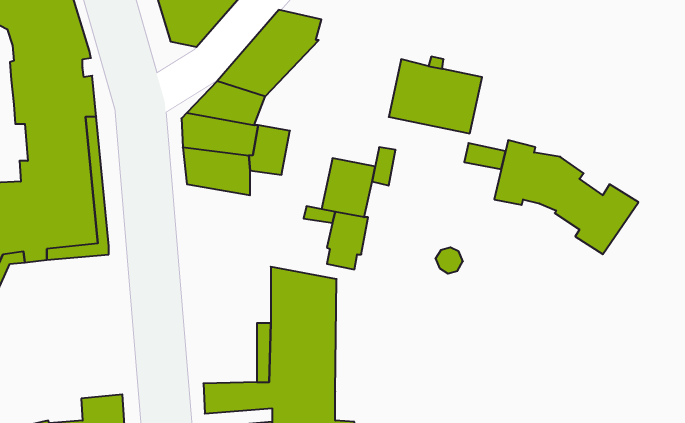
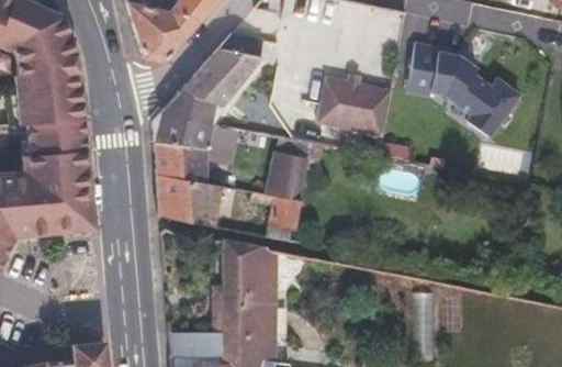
building: [494,140,638,254] -> [407,44,522,135]
building: none -> [156,174,223,227]

